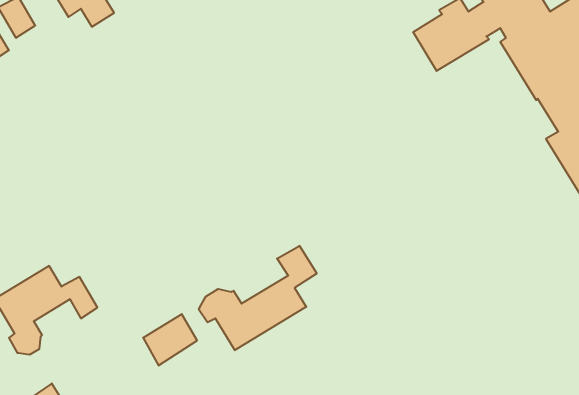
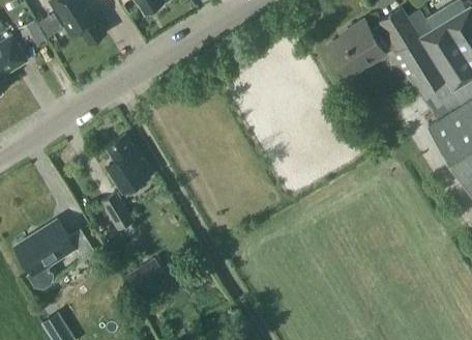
building: none -> [107,135,153,193]
building: none -> [100,194,132,230]
building: [199,246,317,350] -> none

